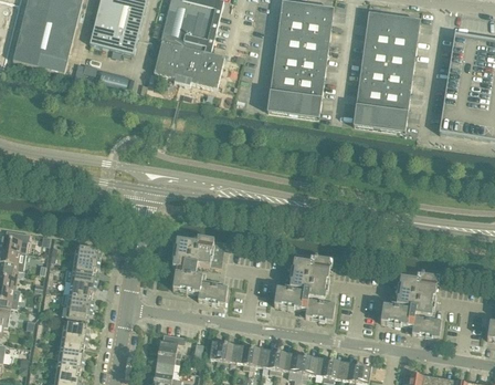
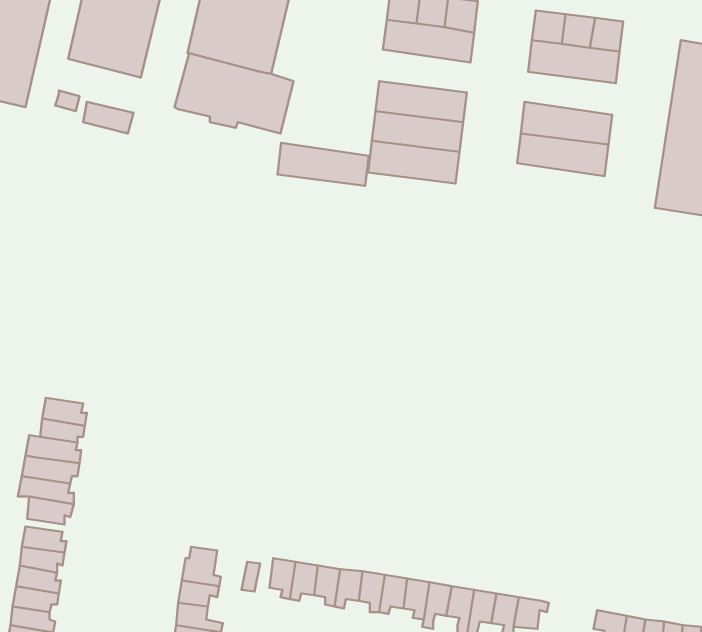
building: [274,38,328,63] -> [277,143,369,186]
building: [360,51,414,76] -> none
building: [354,105,408,131] -> none
building: [171,235,229,303] -> none
building: [273,252,334,320] -> none
building: [379,269,440,336] -> none

